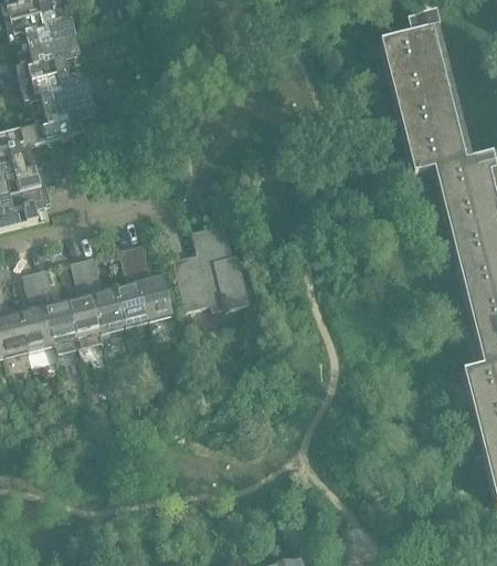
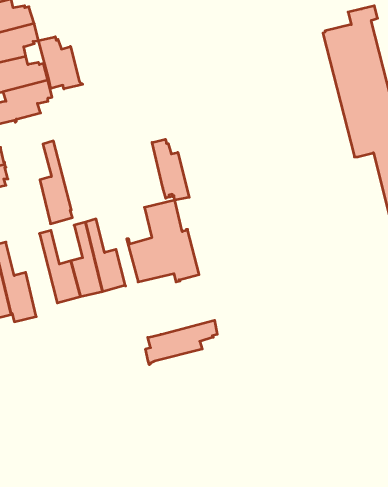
building: none -> [38,37,83,89]
building: none -> [152,139,189,200]
building: [70,258,104,345] -> [40,141,72,224]
building: none -> [146,320,217,365]

